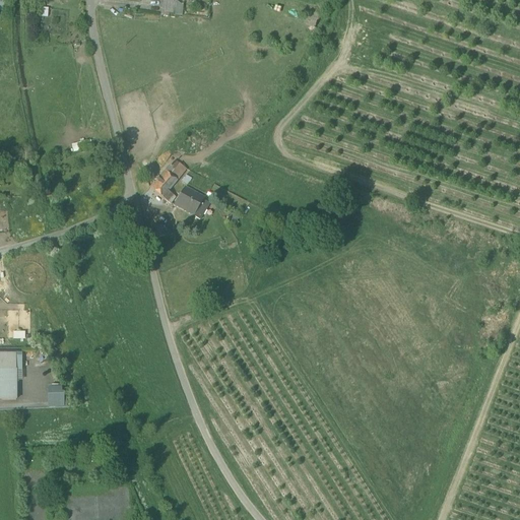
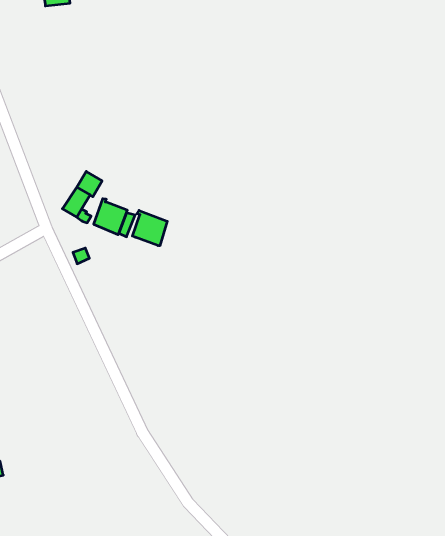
building: none -> [132,210,167,246]

